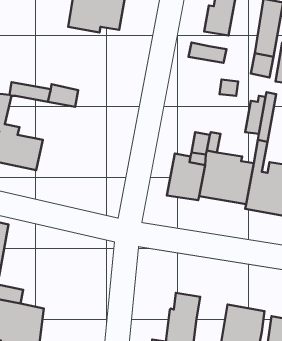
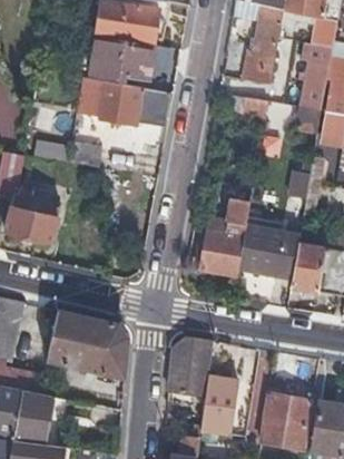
building: none -> [80,76,173,124]
building: none -> [46,310,127,377]
building: none -> [169,339,212,399]

